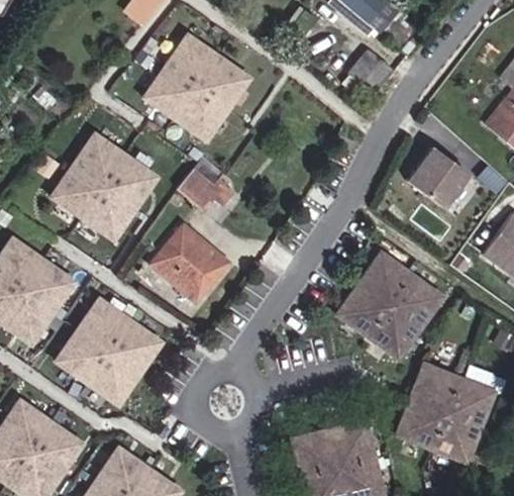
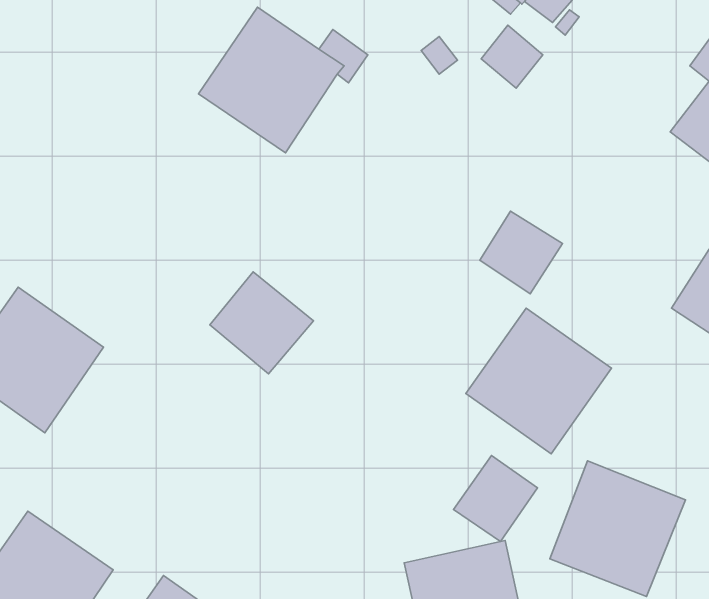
building: [55,132,159,237] -> none
building: [405,150,465,209] -> [480,211,562,294]
building: [177,158,237,211] -> none
building: [58,298,163,403] -> none
building: none -> [453,456,537,542]

